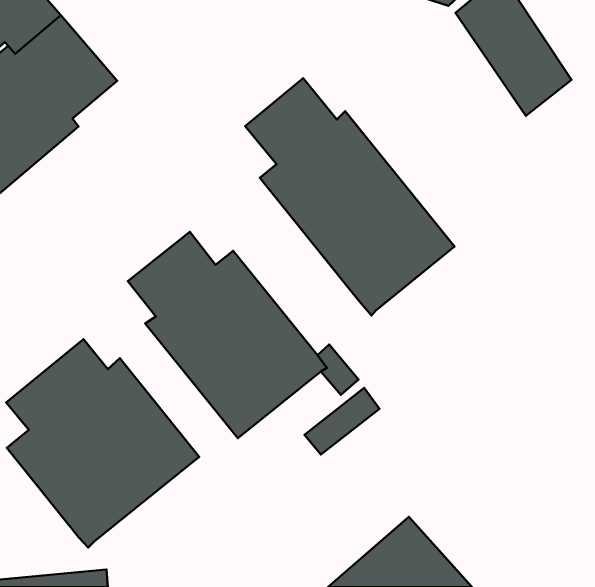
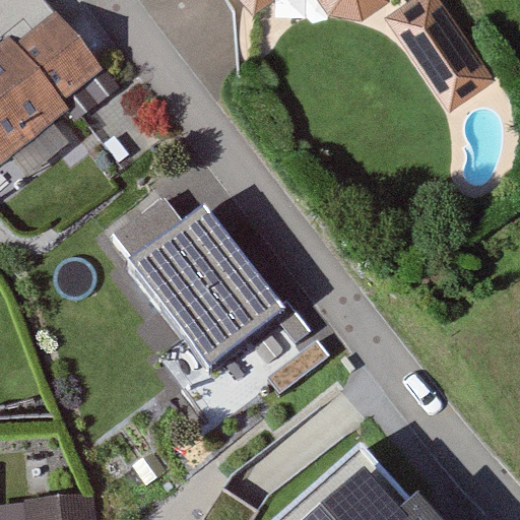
building: [245,78,454,315] -> none
building: [6,339,199,547] -> none

